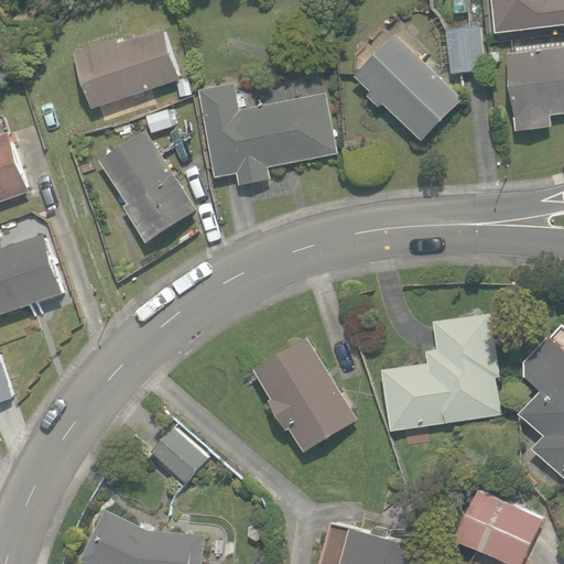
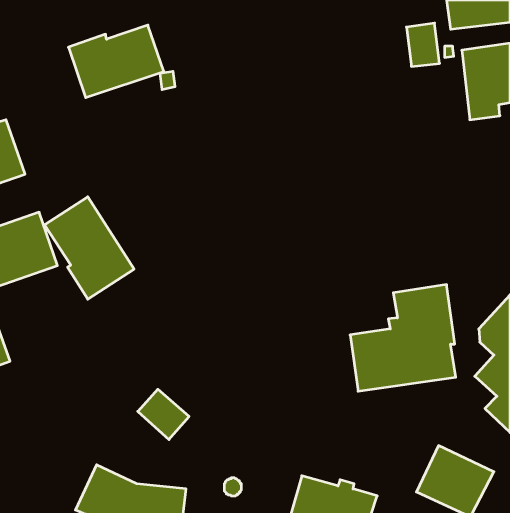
building: [355,35,462,140] -> none
building: [198,84,335,184] -> none
building: [98,130,196,242] -> [45,197,134,299]
building: [254,337,356,451] -> none

